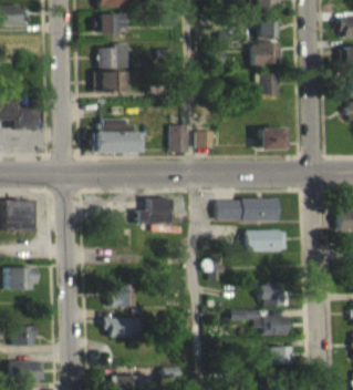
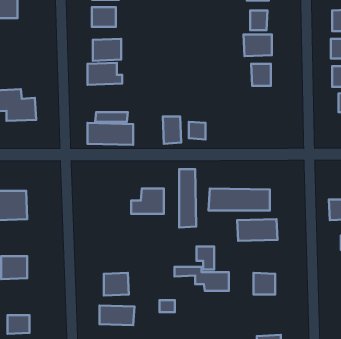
building: [258,127,289,150] -> none
building: none -> [179,169,196,227]
building: [232,310,288,335] -> [174,267,229,291]

